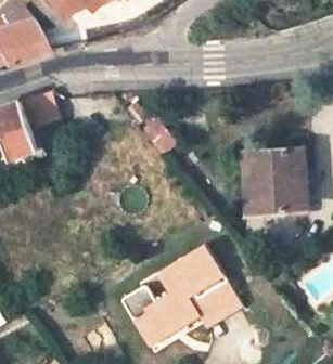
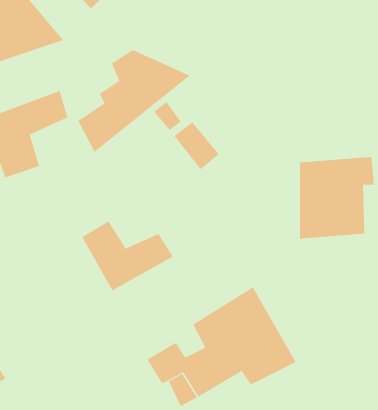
building: none -> [77,49,191,153]
building: none -> [81,221,173,291]

